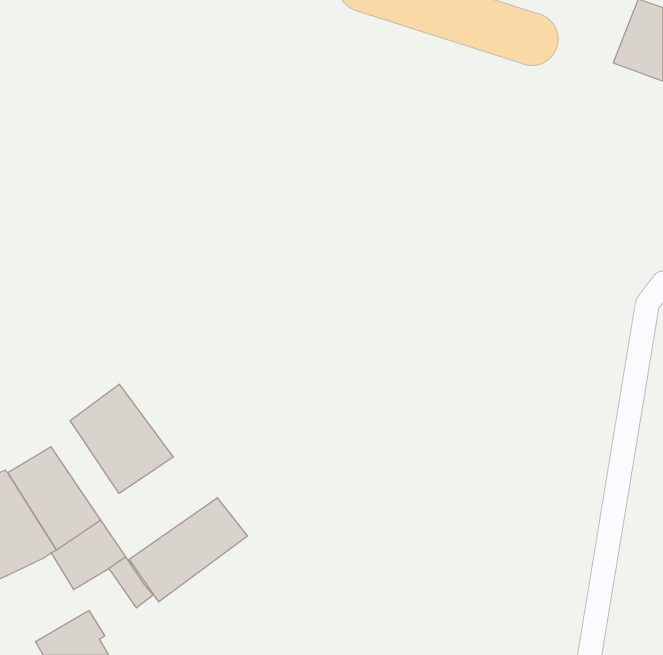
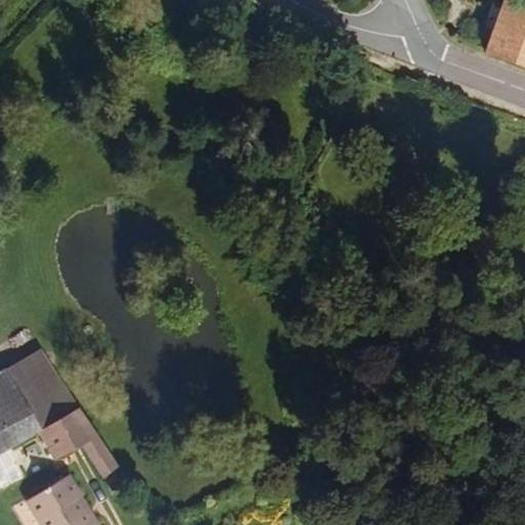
building: [70,384,173,493] -> none
building: [129,498,248,602] -> none

